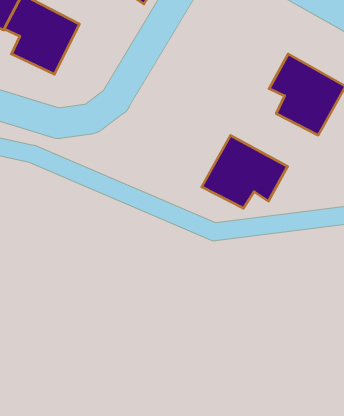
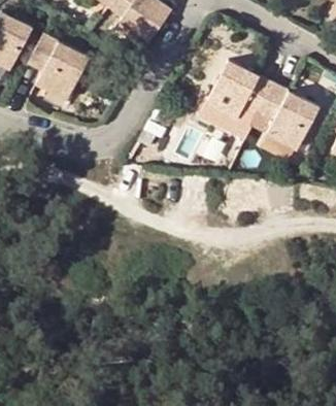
building: [202,136,288,208] -> [198,59,272,122]

